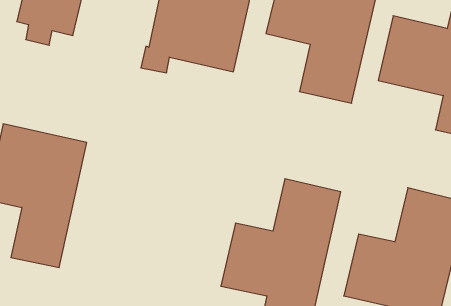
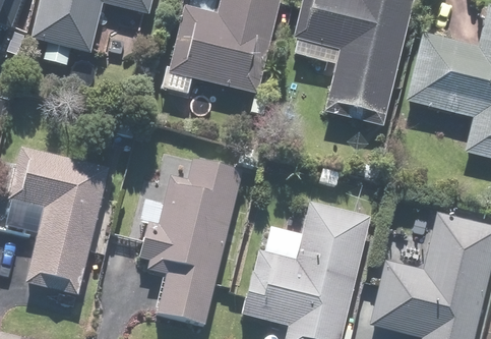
building: none -> [143,160,242,324]

